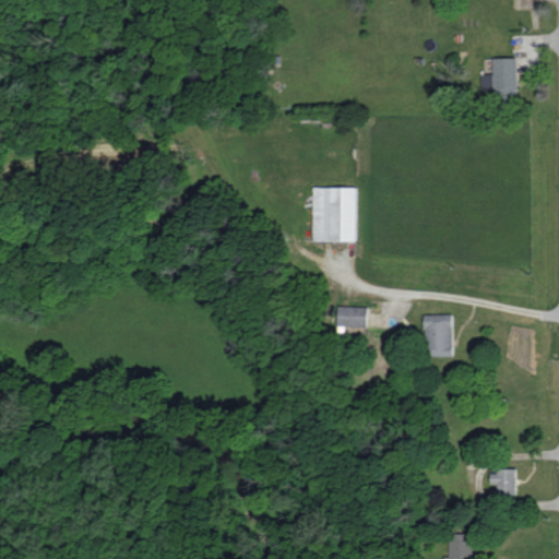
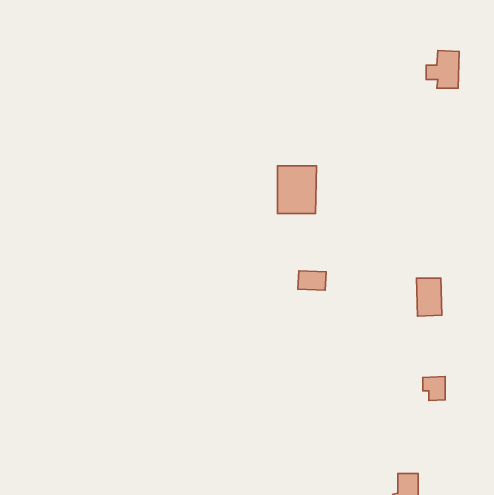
building: [424,314,452,357] -> [417,278,442,316]
building: [489,468,514,496] -> [423,376,445,401]

